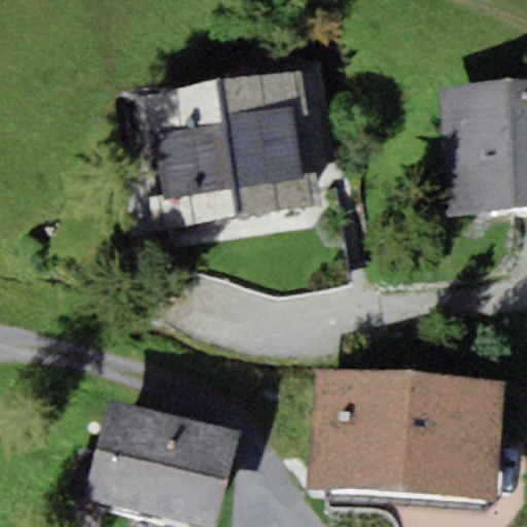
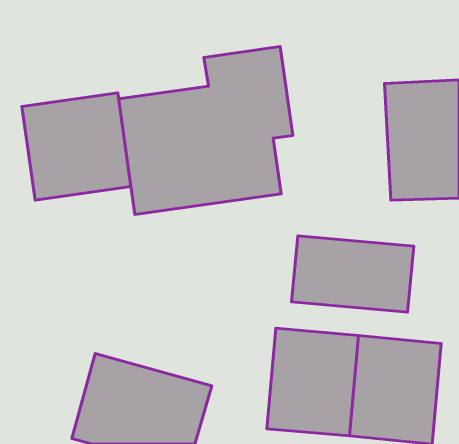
building: none -> [22,93,131,200]
building: none -> [292,236,414,312]

